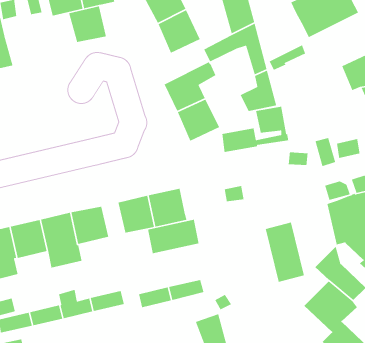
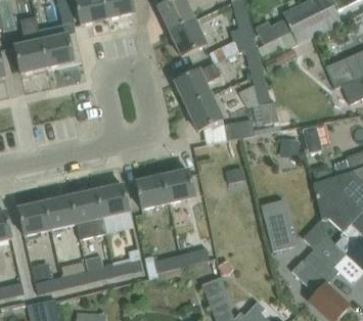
building: [68,6,107,43] -> [41,35,74,66]
building: none -> [256,21,292,47]
building: [147,219,200,254] -> none

